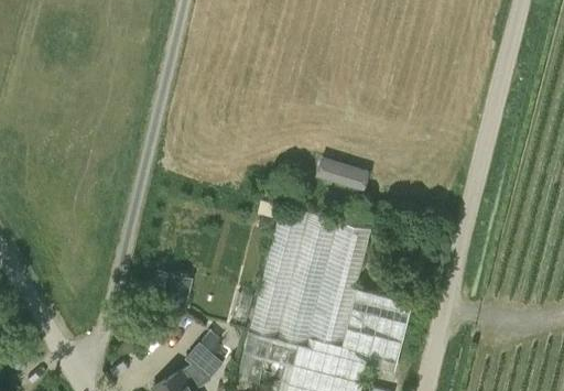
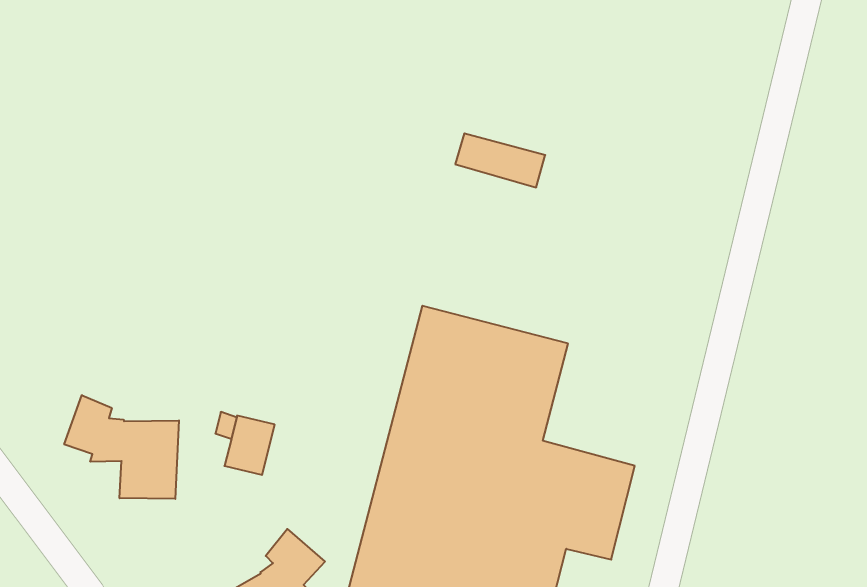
building: [316,156,371,189] -> [455,133,545,187]
building: none -> [64,395,179,499]

